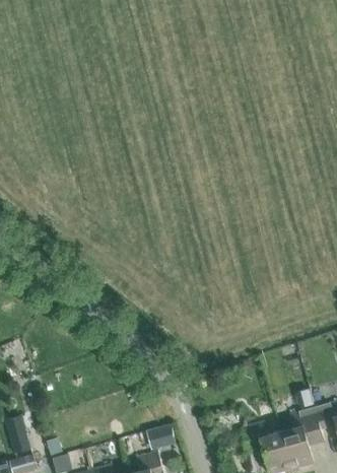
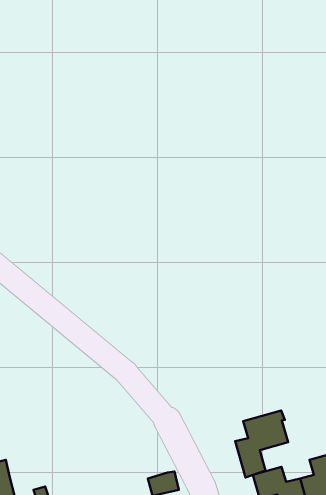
building: none -> [235,410,288,477]

